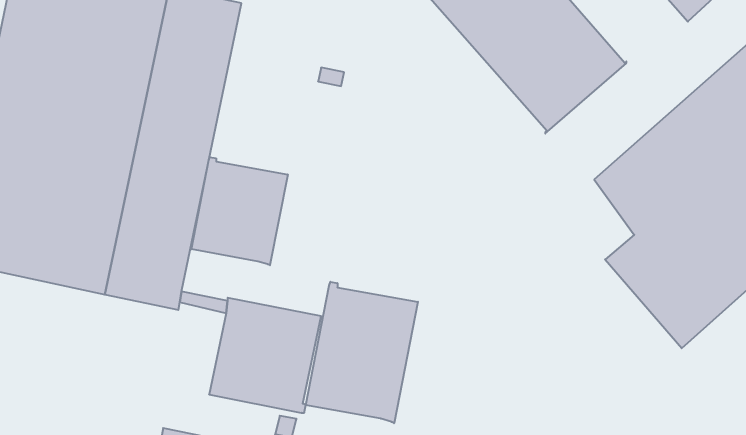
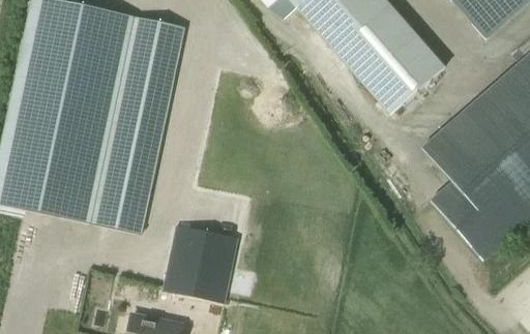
building: [192,157,288,265] -> none
building: [306,282,418,423] -> none

